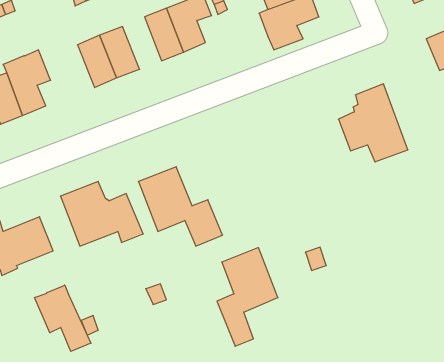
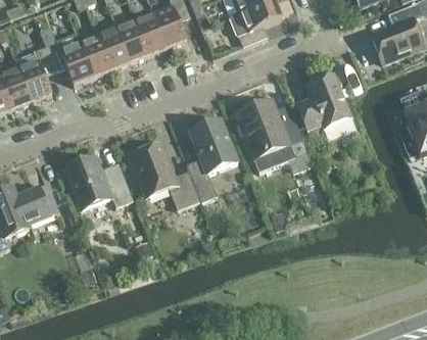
building: none -> [116,16,149,60]
building: none -> [46,39,93,83]
building: none -> [236,97,309,171]
building: [217,248,278,346] -> [186,117,237,200]
building: [34,285,91,351] -> none

